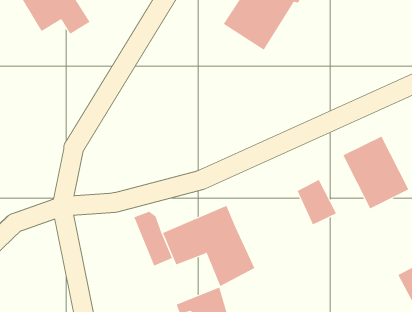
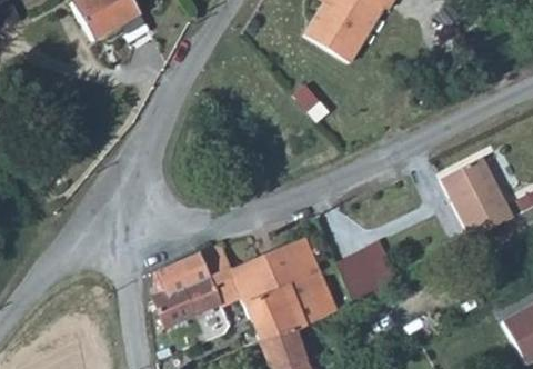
building: [297,179,337,225] -> [335,249,381,301]
building: none -> [154,251,223,328]
building: none -> [249,292,299,343]

